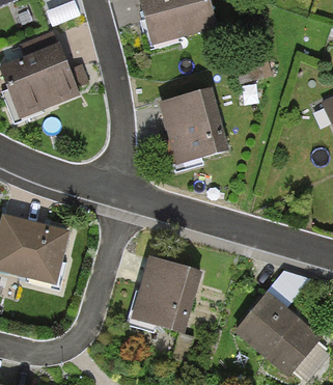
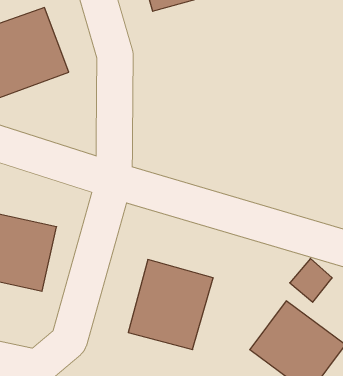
building: [158,86,227,167] -> none

